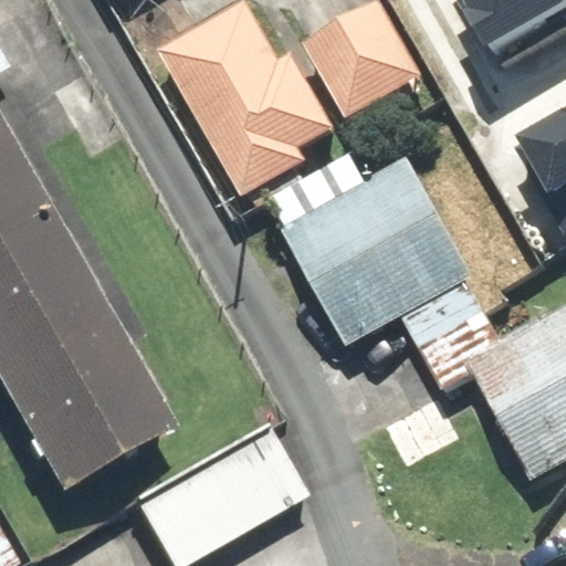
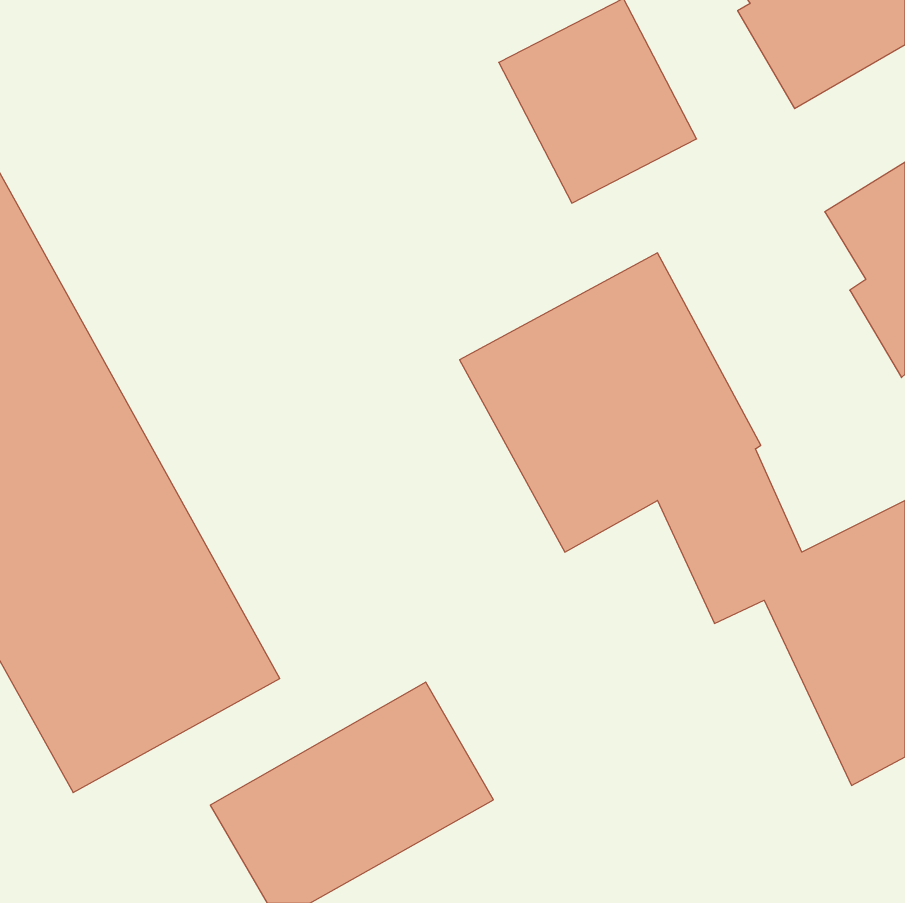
building: [164,15,322,200] -> none

